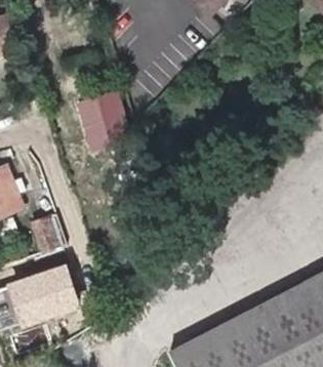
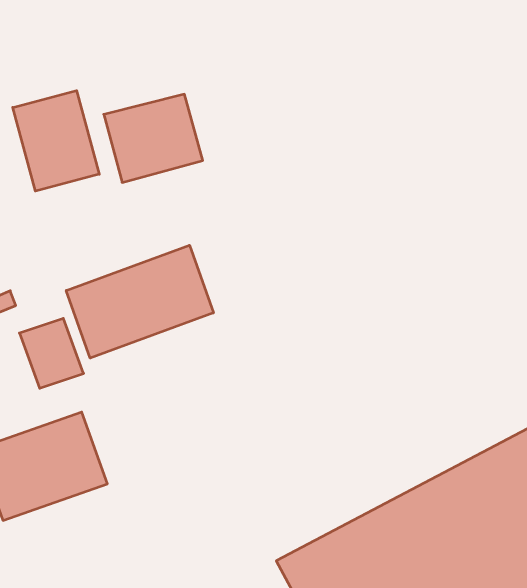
building: none -> [13,91,99,191]
building: none -> [66,245,213,358]

